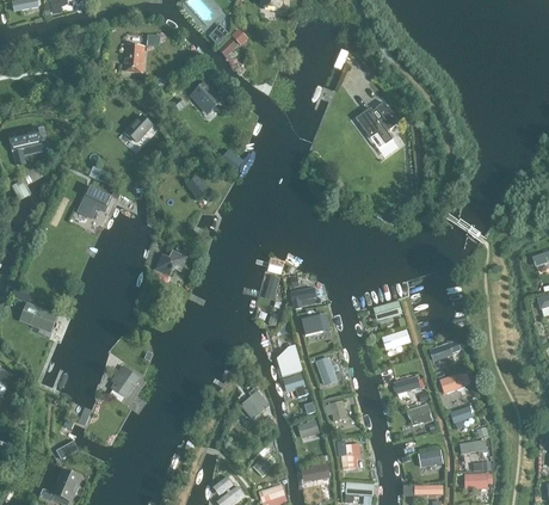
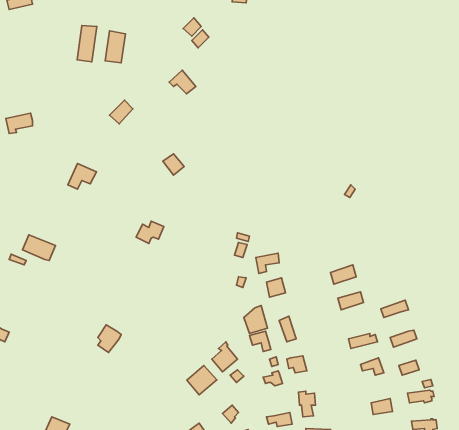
building: none -> [77,26,97,62]
building: [354,101,393,144] -> none
building: [20,303,57,332] -> [23,235,56,261]
building: none -> [187,365,217,395]

